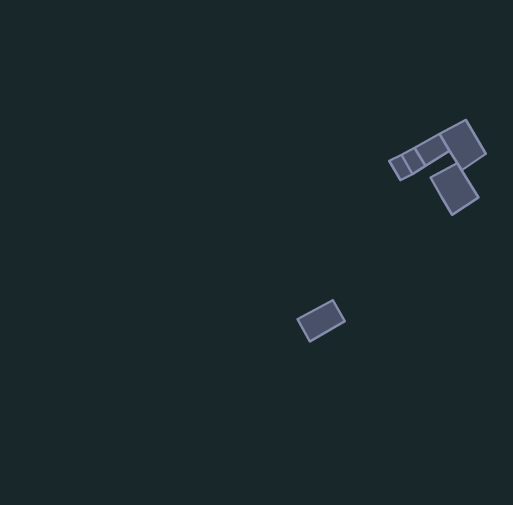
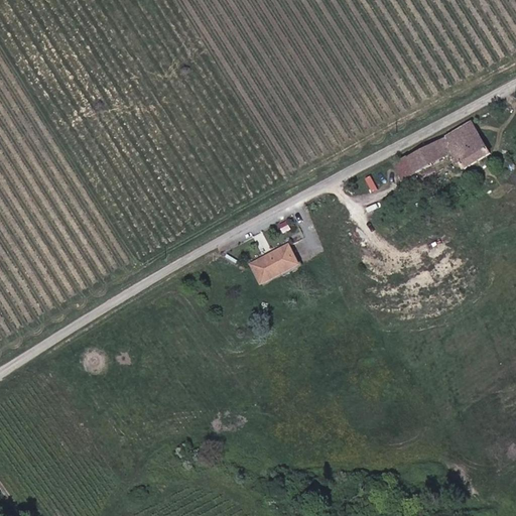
building: [430,163,478,215] -> none
building: [298,300,345,341] -> [255,243,302,284]

